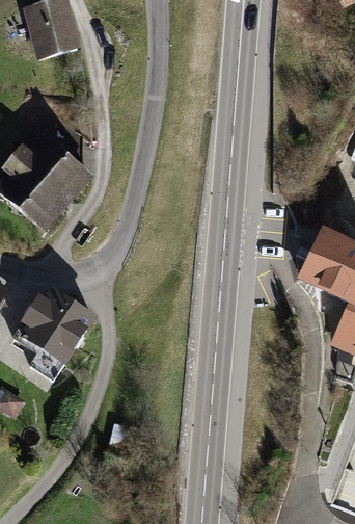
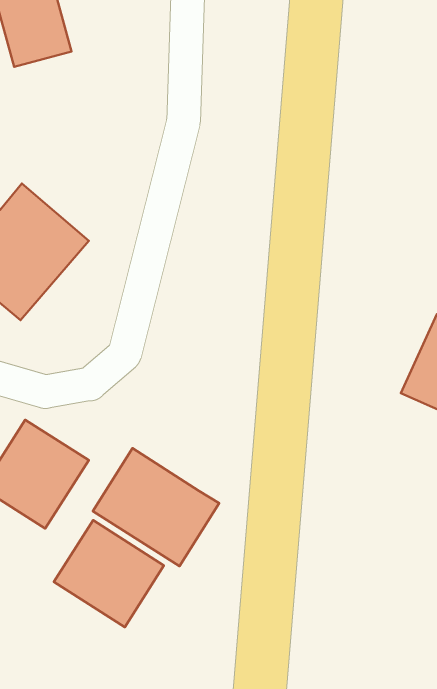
building: none -> [93,448,219,566]
building: none -> [54,520,164,627]

